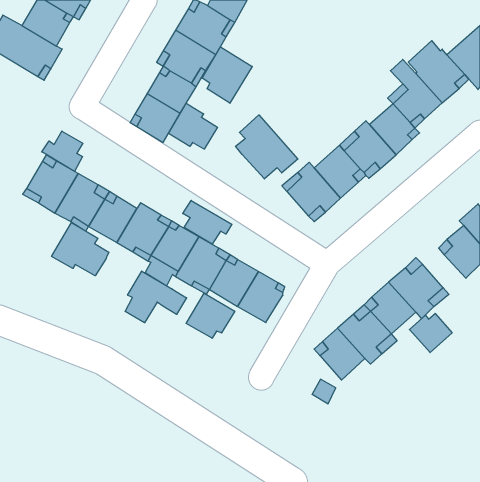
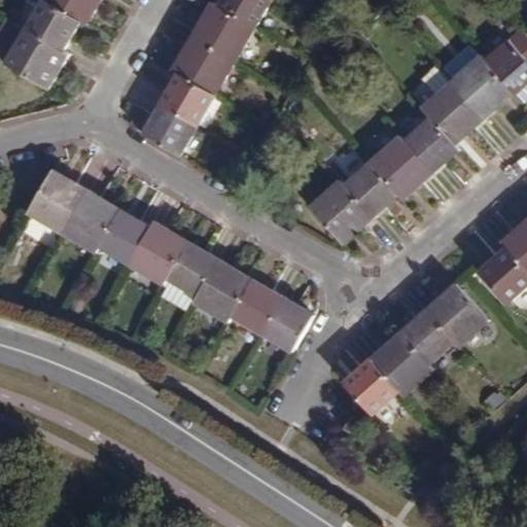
building: [202,47,252,103] -> none
building: [168,103,218,149] -> none
building: [236,115,298,179] -> none
building: [42,131,83,171] -> none
building: [183,200,232,244] -> none
building: [52,223,109,276] -> none
building: [125,271,187,323] -> none
building: [186,293,235,338] -> none
building: [409,313,452,353] -> none

